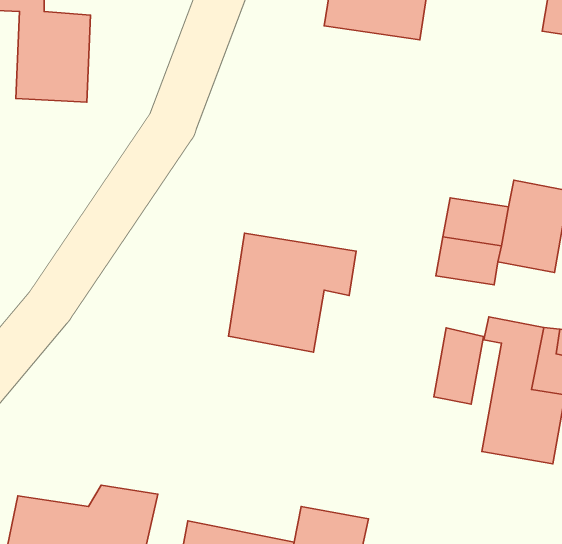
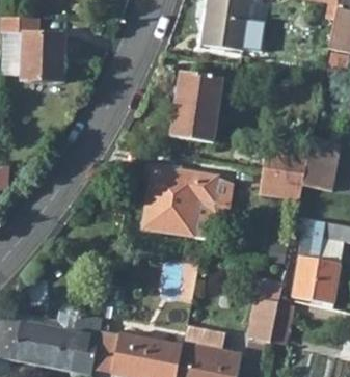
building: none -> [171,71,224,142]
building: [434,328,483,404] -> [251,297,280,342]

